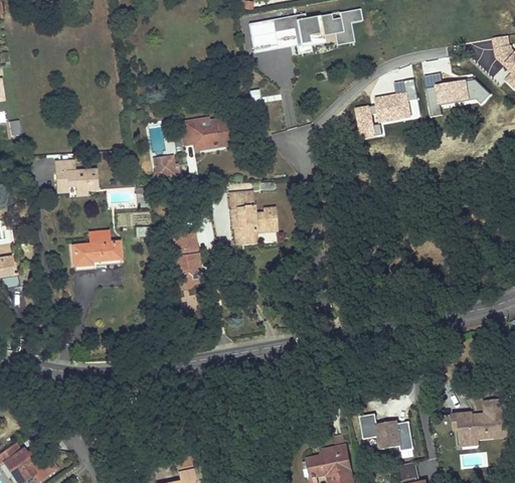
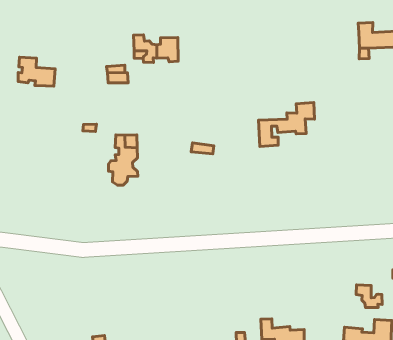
building: [356,81,417,137] -> [259,103,314,147]
building: [230,192,275,243] -> none
building: [73,230,120,265] -> none
building: none -> [356,285,382,308]

